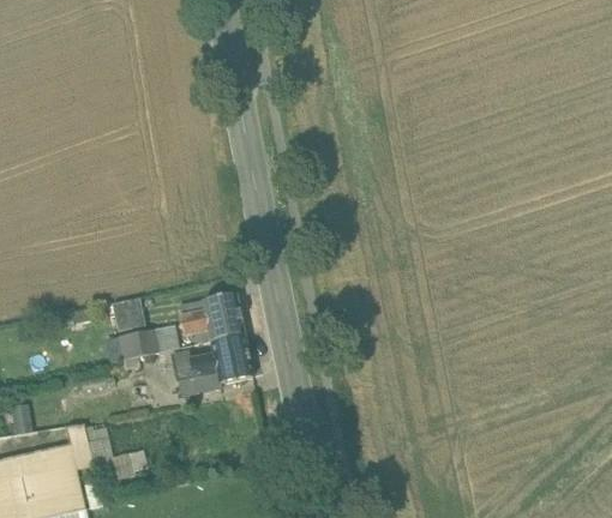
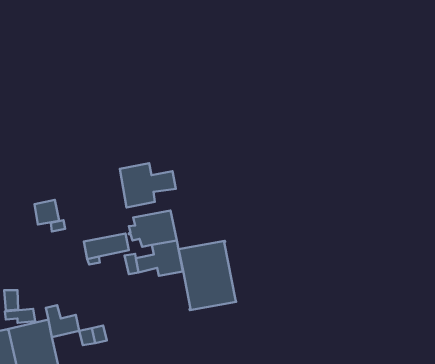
building: none -> [120,163,176,207]
building: [110,297,144,331] -> [34,200,59,225]
building: none -> [178,241,236,310]

